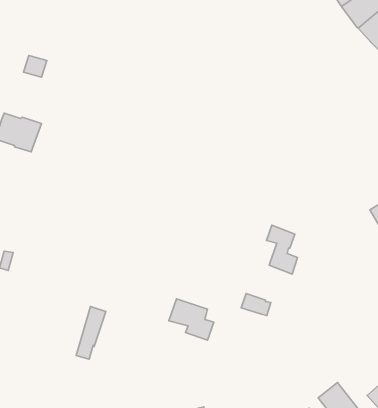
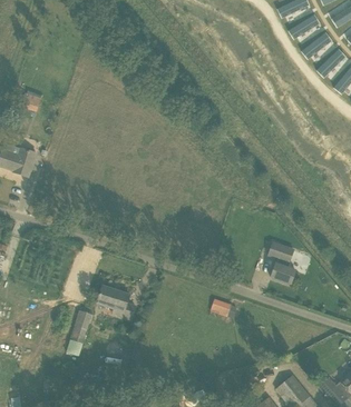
building: [267,225,297,274] -> [269,238,295,280]
building: [169,299,214,340] -> [96,281,135,317]

